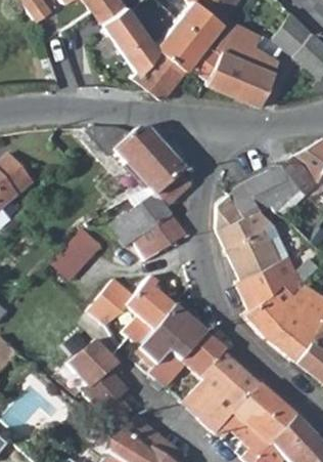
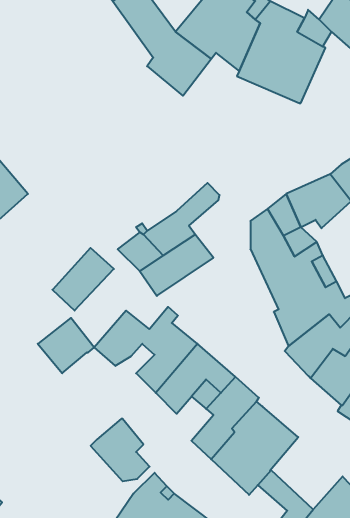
building: [88,129,184,197] -> none
building: [70,341,117,387] -> [38,318,94,373]
building: [234,385,294,446] -> none

